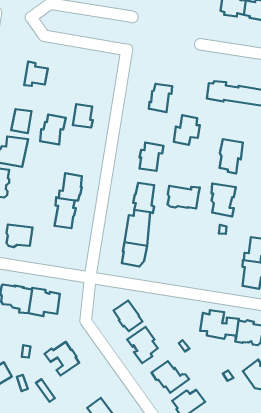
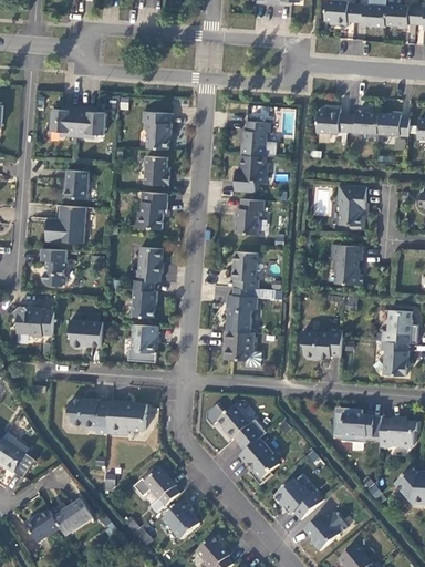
building: none -> [51,105,79,137]
building: none -> [142,111,172,150]
building: [40,114,66,144] -> [137,192,168,229]
building: [174,115,200,145] -> [235,154,267,192]
building: [168,186,200,209] -> [302,329,343,358]
building: none -> [132,324,158,353]
building: none -> [162,498,198,538]

